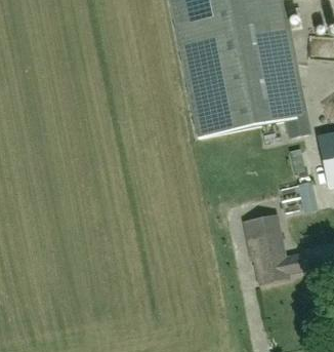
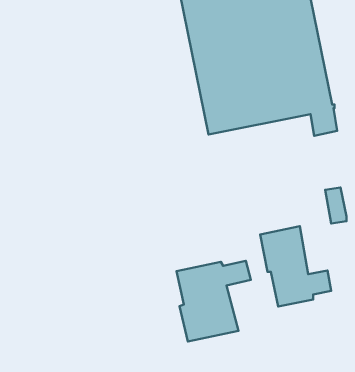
building: none -> [176,261,251,341]

